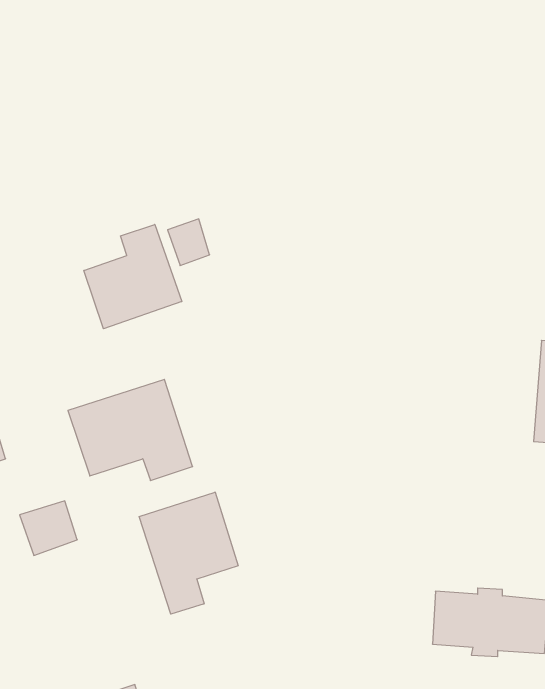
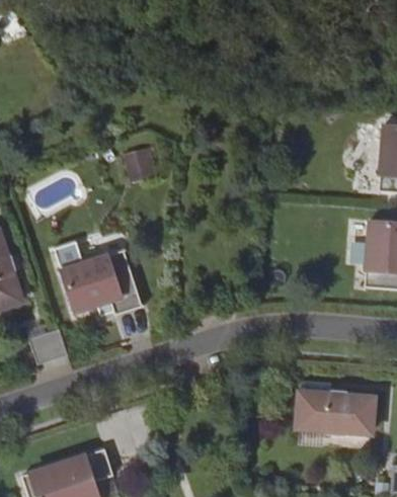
building: [84,224,182,329] -> none
building: [139,492,238,614] -> none

